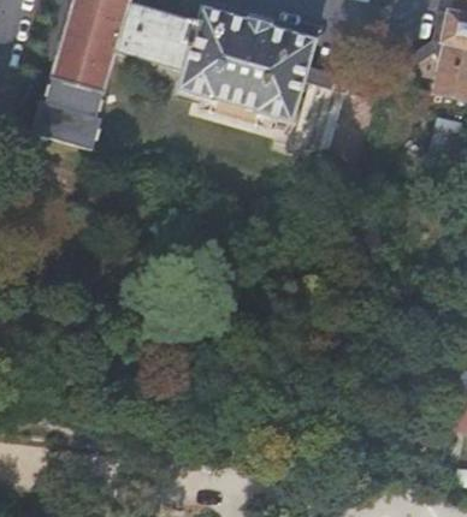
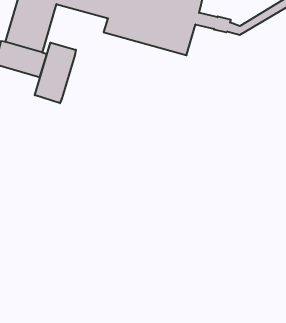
building: none -> [35,43,76,103]

